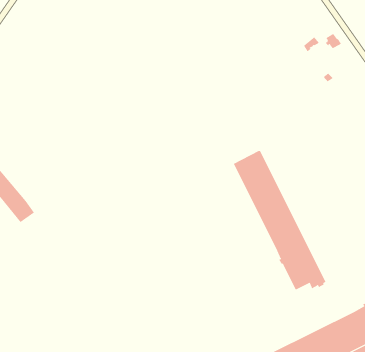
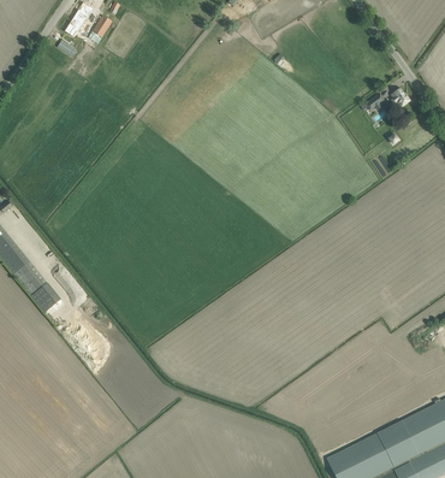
building: [233,150,326,290] -> none

